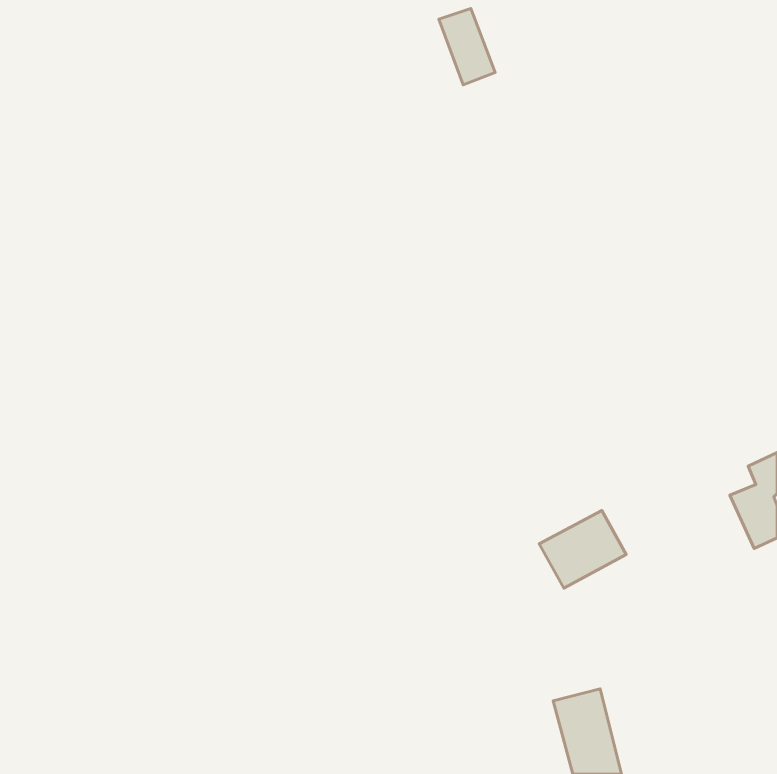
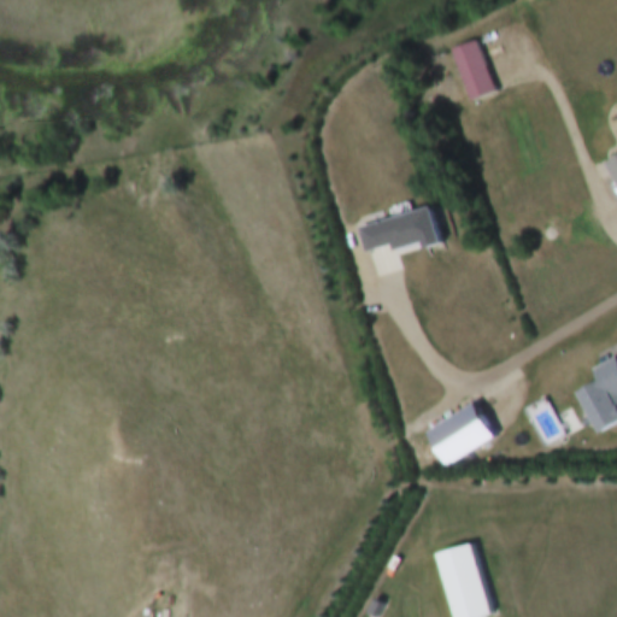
building: [439,9,495,85] -> [449,40,494,100]
building: none -> [358,207,440,254]

